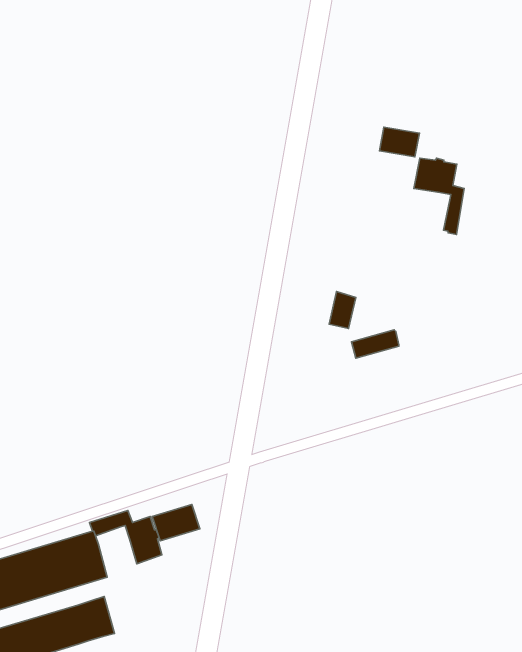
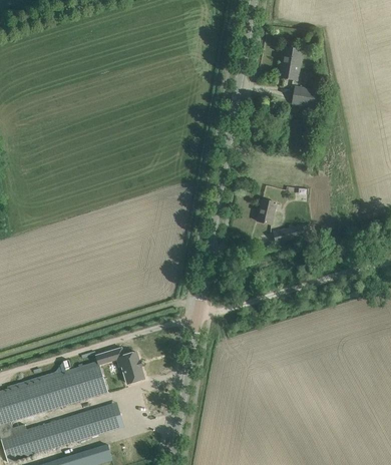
building: none -> [281,47,301,79]
building: [414,158,464,234] -> none
building: [152,504,200,541] -> none

